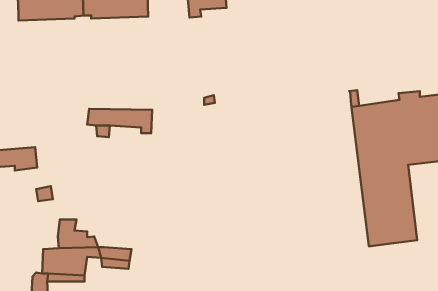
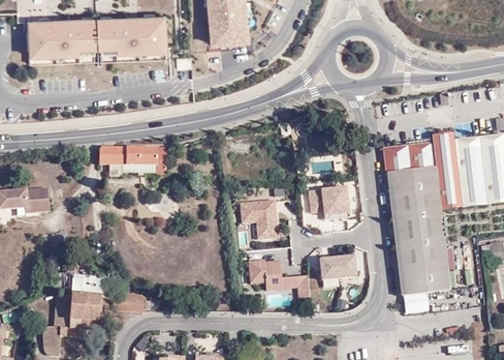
building: none -> [308,190,349,221]
building: none -> [240,201,279,241]
building: none -> [318,256,356,284]
building: none -> [248,260,310,299]
building: none -> [402,290,428,310]

